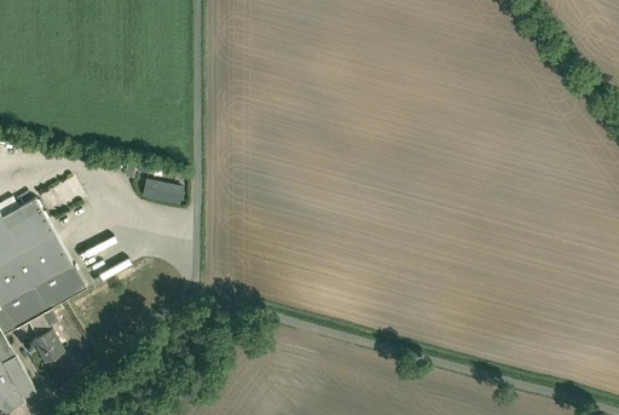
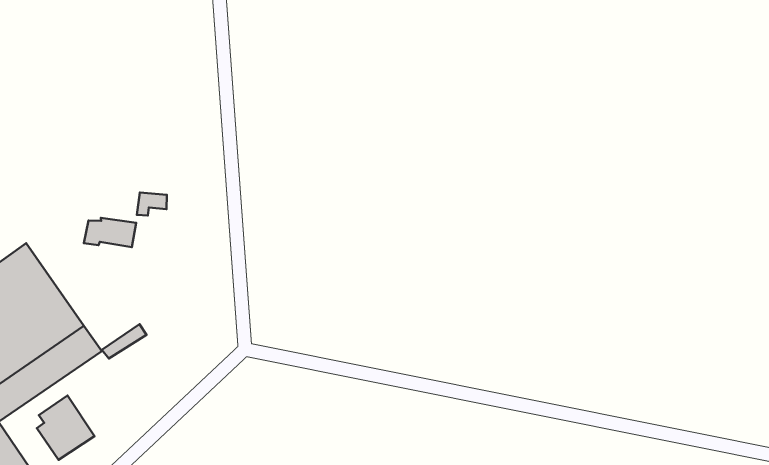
building: [141,183,183,207] -> [84,218,136,247]

